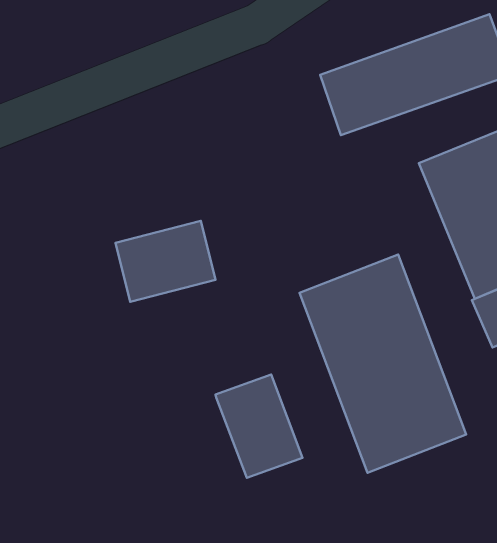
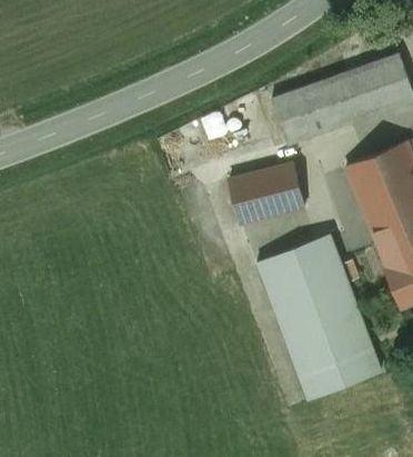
building: [115,221,216,302] -> [229,163,304,225]
building: [215,374,302,478] -> none

